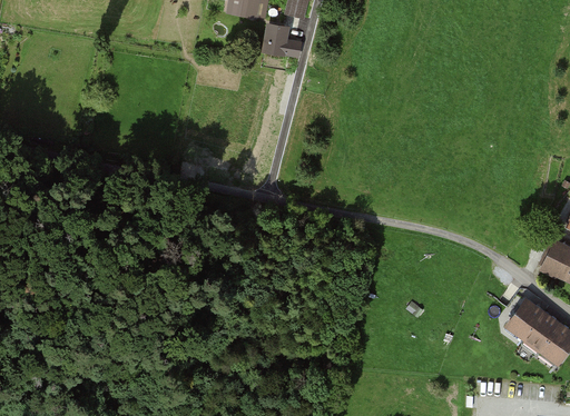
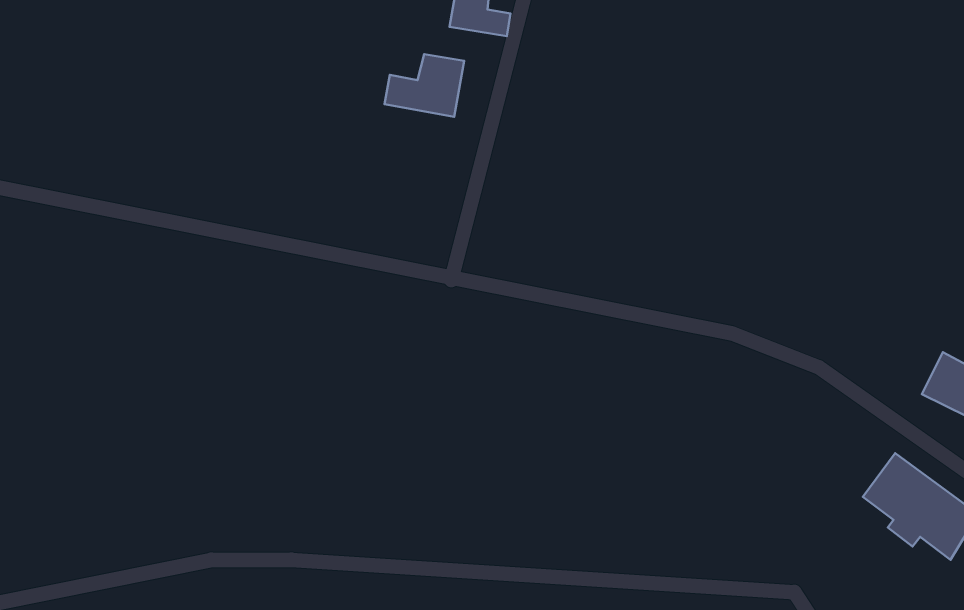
building: none -> [384,54,464,117]

